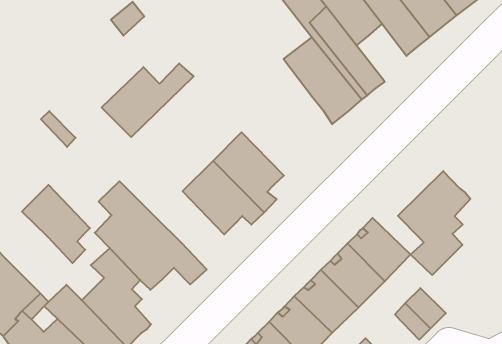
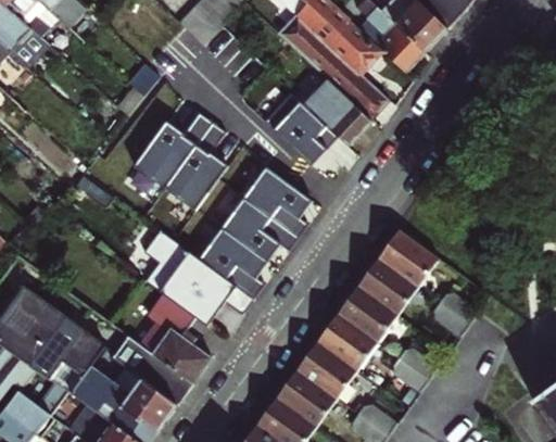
building: none -> [263,91,338,165]
building: none -> [165,124,228,212]
building: [398,171,470,275] -> none
building: [22,185,90,263] -> [200,231,265,300]

